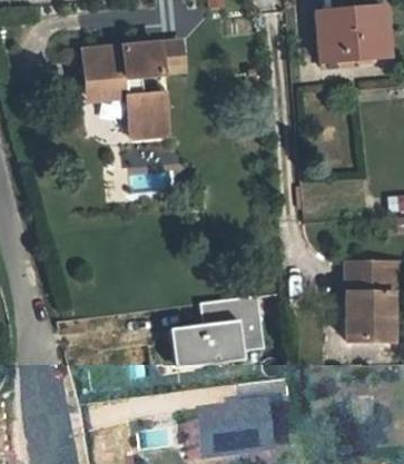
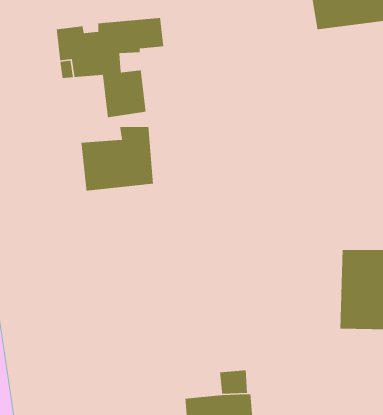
building: none -> [80,126,154,192]
building: [166,297,266,365] -> none

